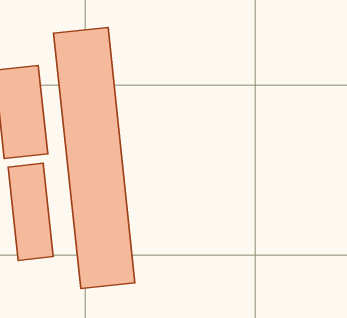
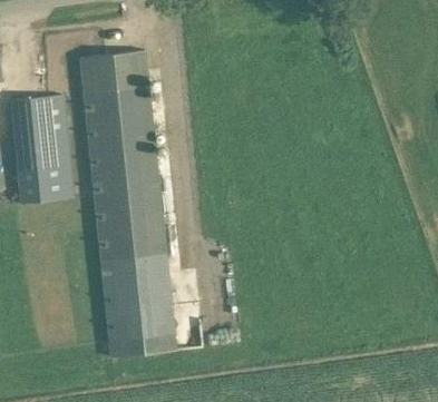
building: [8,163,53,260] -> none

